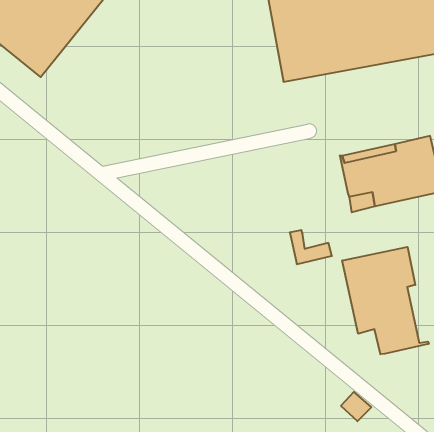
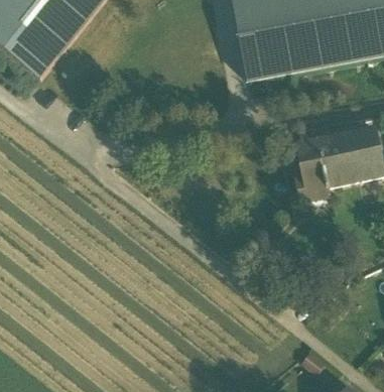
building: [290,230,332,264] -> [293,175,330,205]
building: [342,247,429,354] -> none

